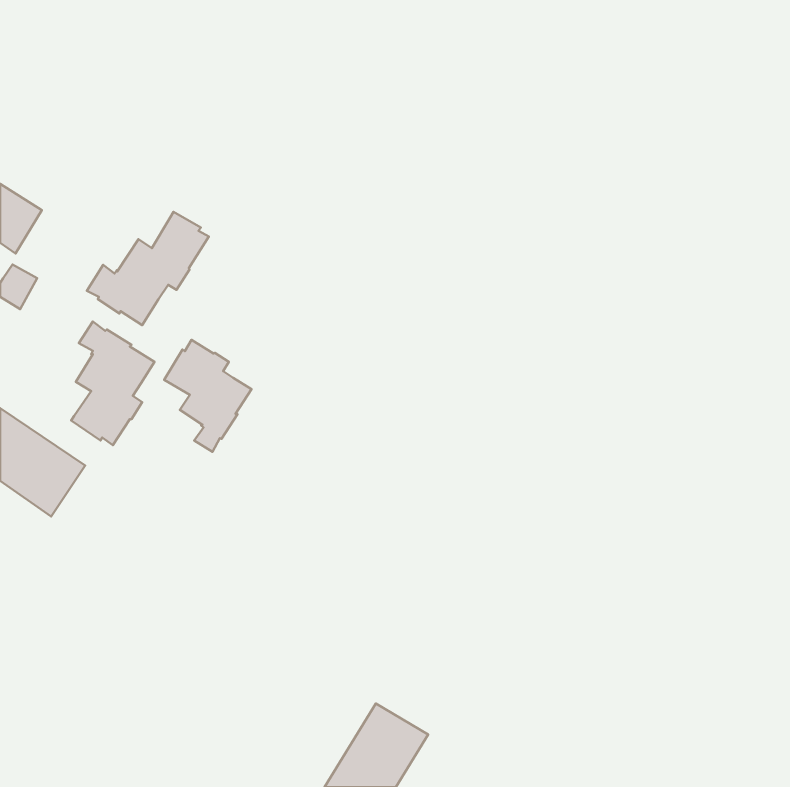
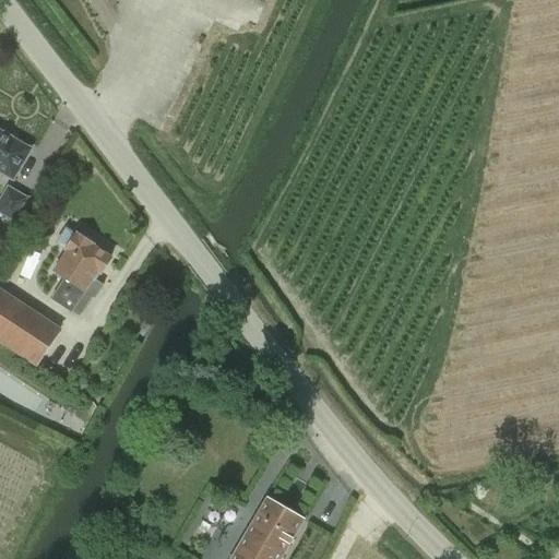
building: [87,212,209,325] -> none
building: [164,340,251,452] -> none

